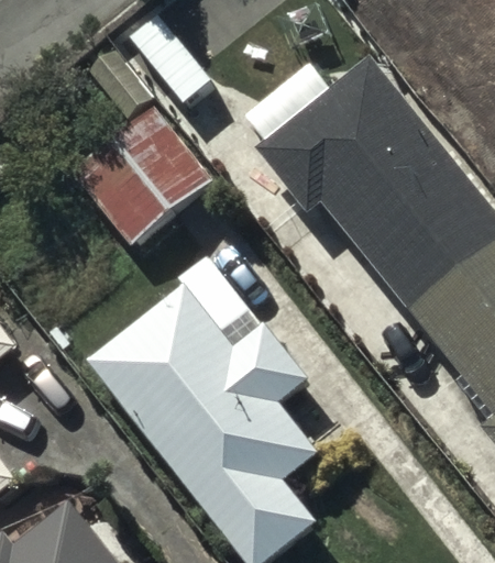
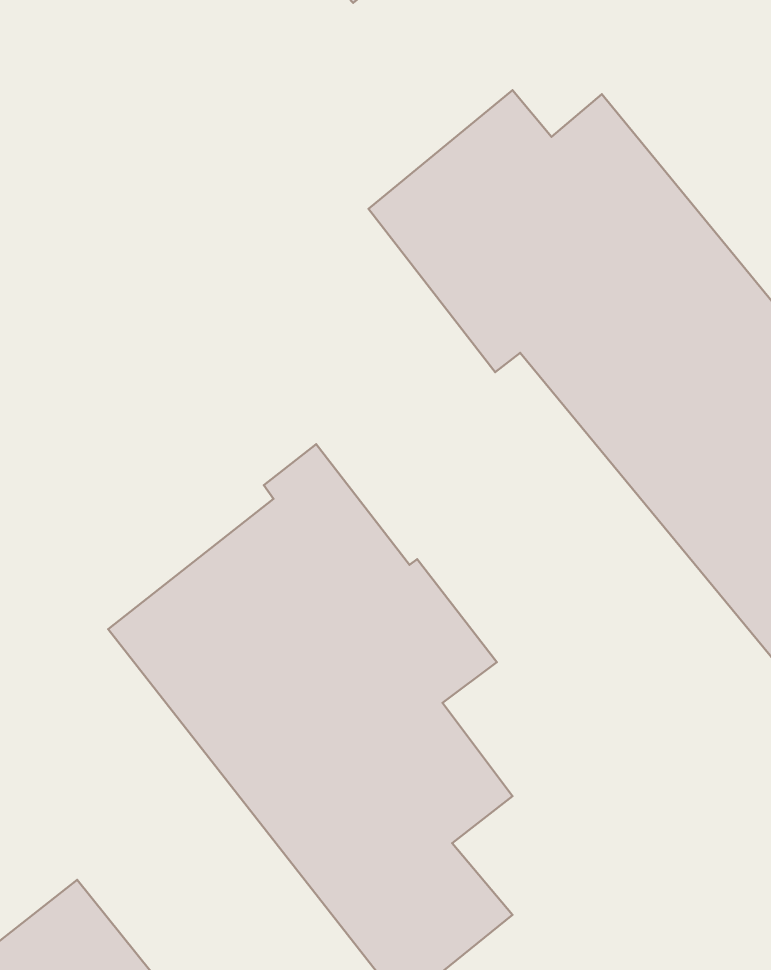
building: [72,106,212,244] -> none

